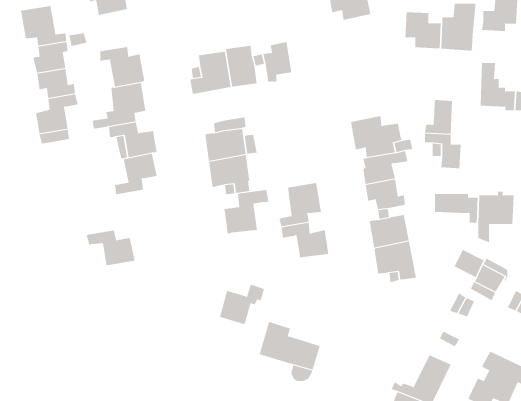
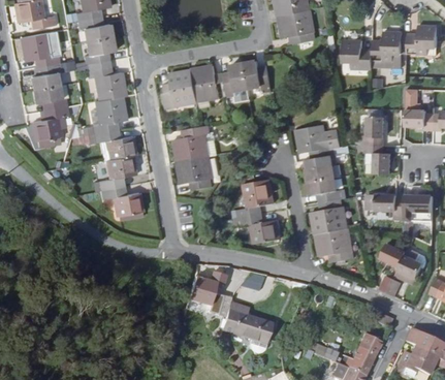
building: none -> [84,40,114,69]
building: none -> [244,65,271,95]
building: [224,189,269,235] -> none
building: [86,230,135,266] -> [100,191,141,221]

